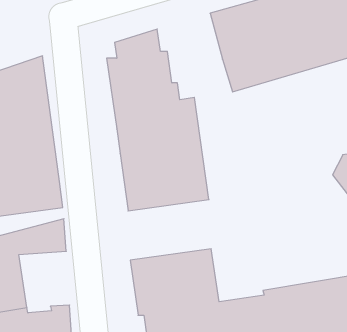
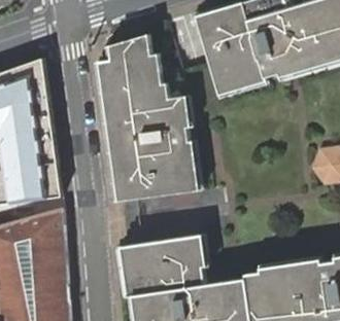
building: none -> [21,239,67,295]

